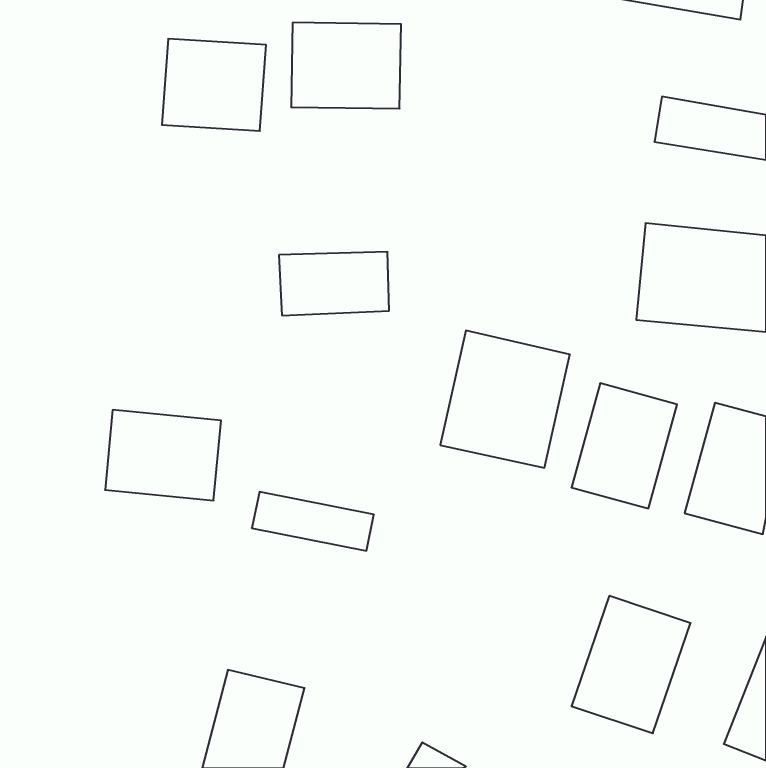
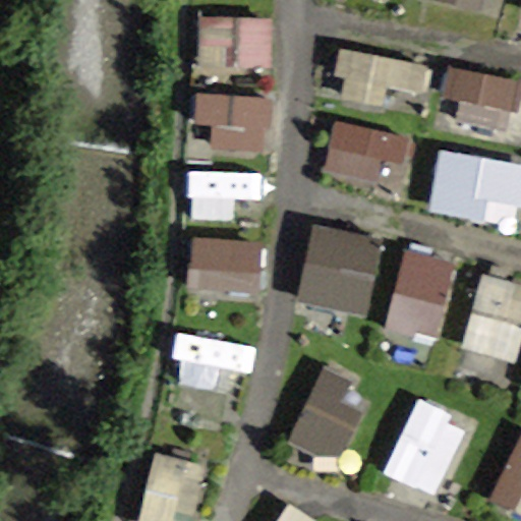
building: [162,39,266,131] -> [200,93,271,155]
building: none -> [340,54,424,106]
building: none -> [323,120,410,192]
building: [105,410,221,500] -> [185,235,264,296]
building: none -> [288,374,366,461]

